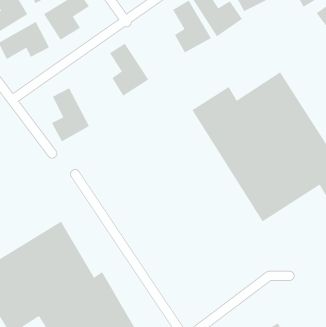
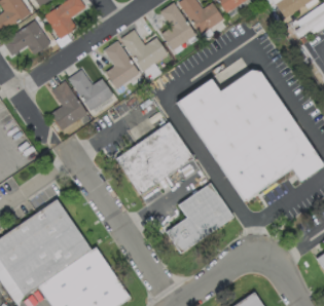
building: none -> [121,30,168,80]
building: none -> [68,69,112,110]
building: none -> [115,122,192,193]
building: none -> [165,183,232,253]

